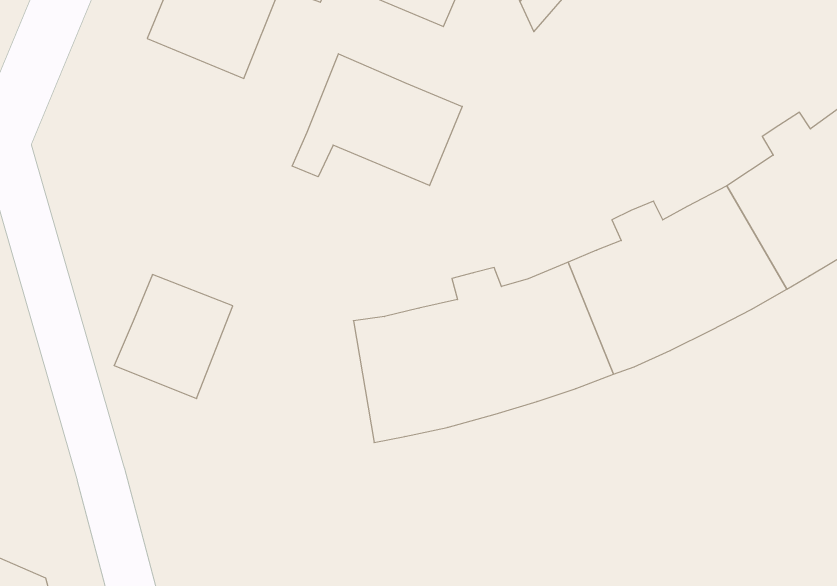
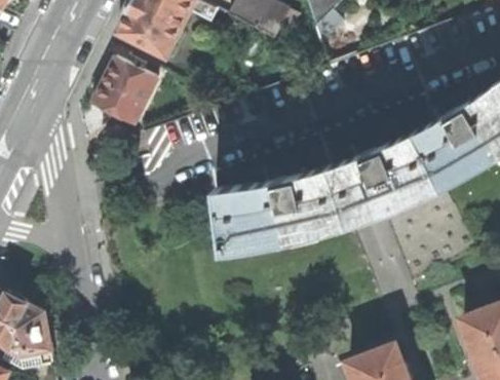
building: [292,54,462,186] -> none
building: [114,275,233,399] -> [92,58,157,124]

